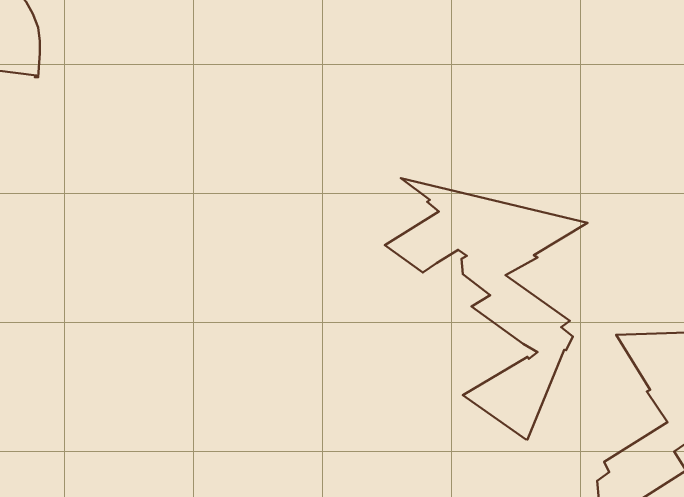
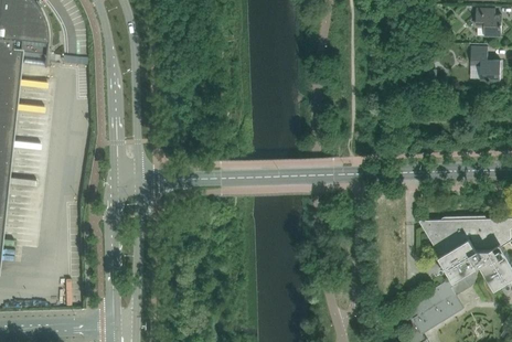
building: [385,178,588,440] -> none

